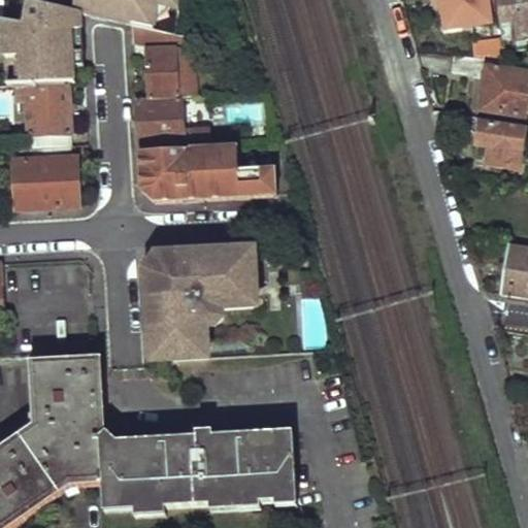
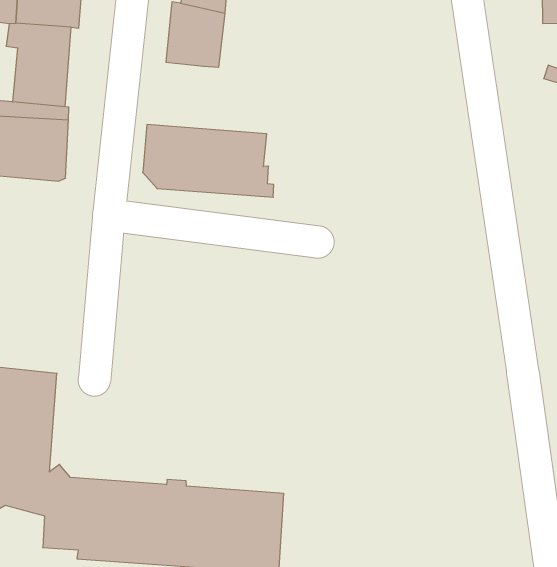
building: [135,94,189,141] -> none
building: [241,165,276,192] -> none
building: [144,245,257,360] -> none

